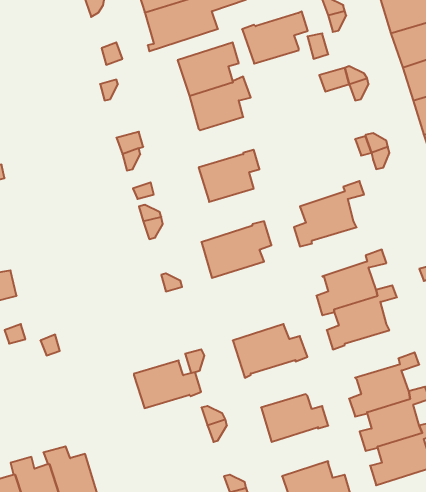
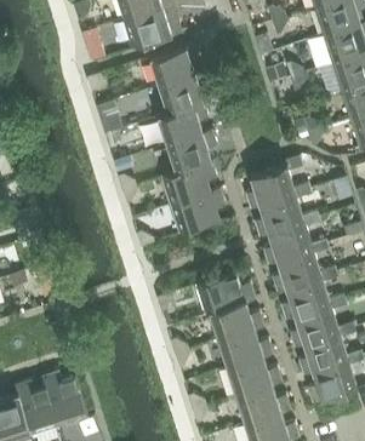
building: [242,11,308,64] -> [156,102,210,144]
building: none -> [160,161,216,205]
building: none -> [252,183,309,236]
building: none -> [280,267,337,320]
building: [134,360,201,408] -> [209,300,263,339]
building: none -> [226,355,281,395]

